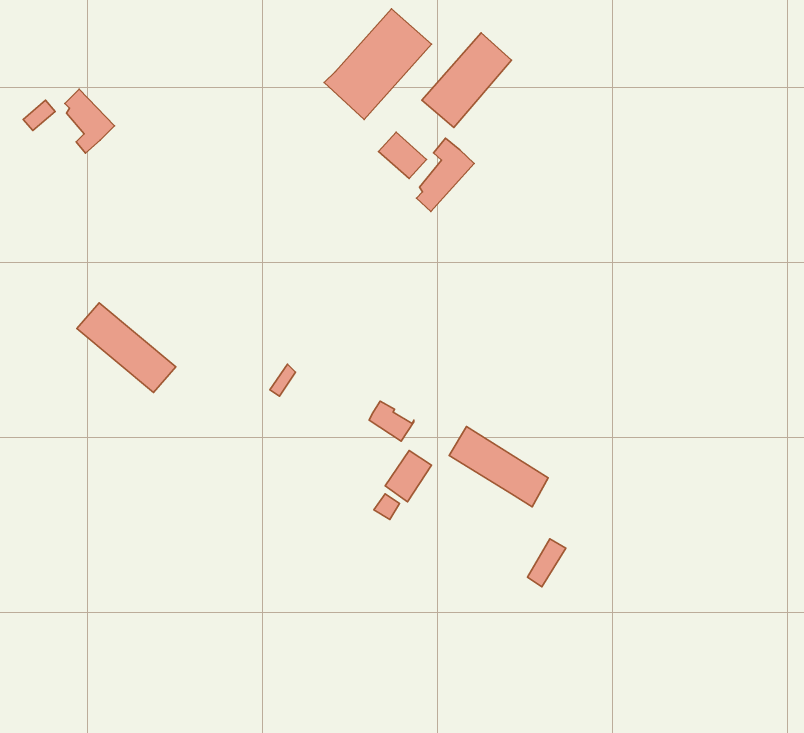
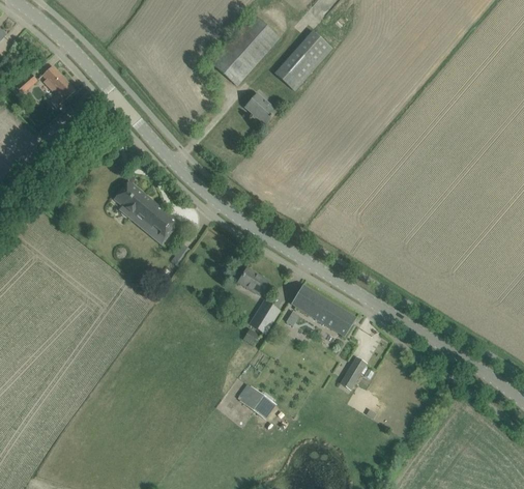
building: [417,138,474,212] -> none
building: [77,303,176,393] -> [115,182,179,240]
building: none -> [240,386,272,416]

